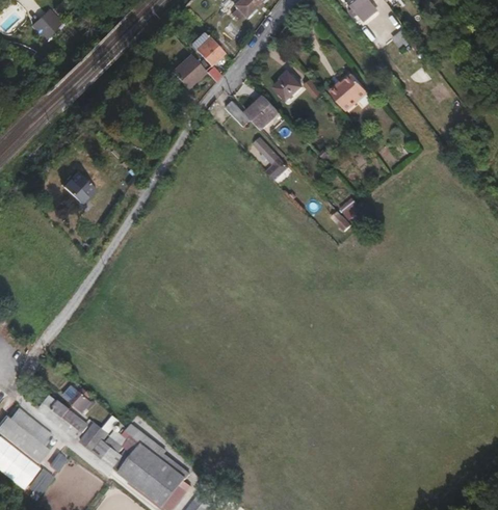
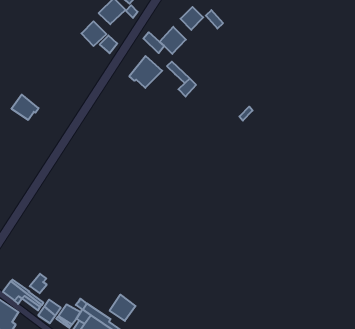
building: [332,75,369,111] -> none
building: none -> [81,21,106,46]
building: none -> [129,56,162,88]
building: none -> [110,295,136,321]

